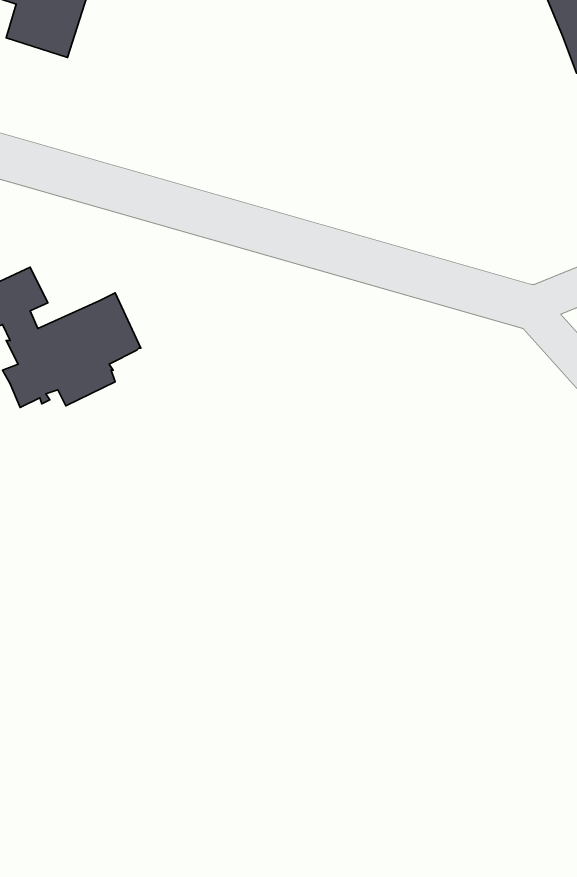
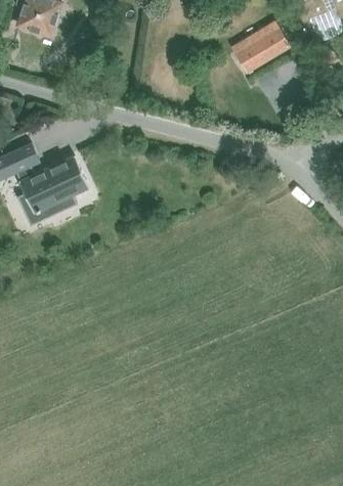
building: none -> [233,27,289,73]

